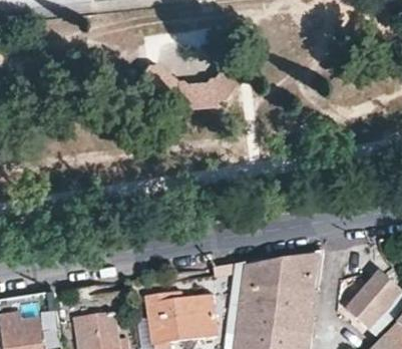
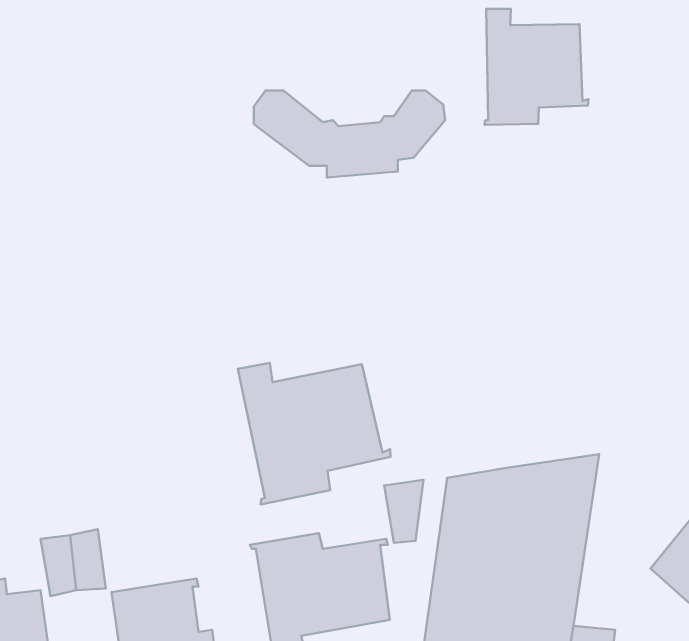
building: none -> [484,9,589,125]
building: none -> [238,363,391,504]

